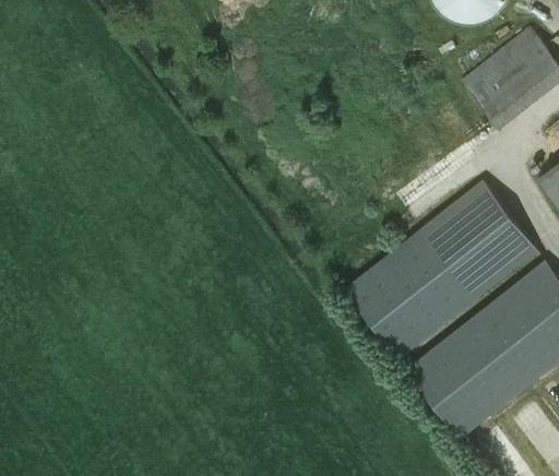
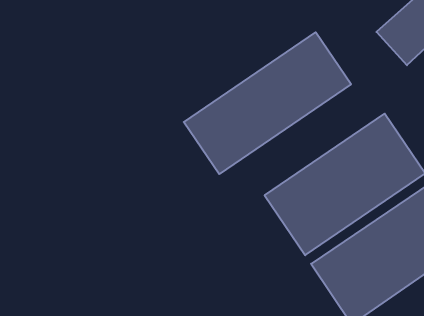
building: none -> [184,32,351,174]

